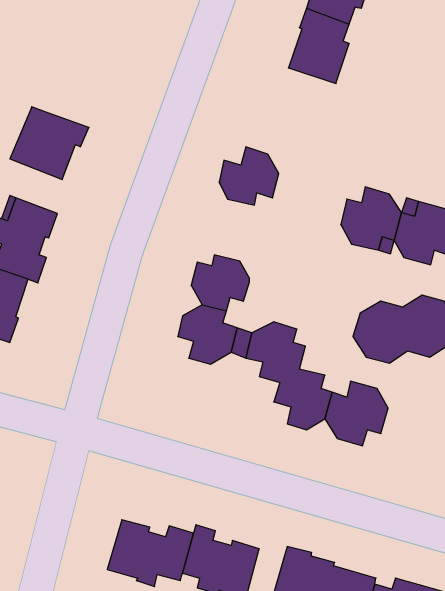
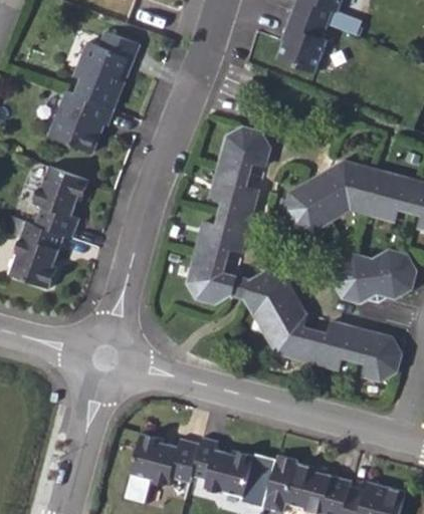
building: none -> [74,32,139,109]
building: none -> [209,169,258,220]
building: none -> [283,185,331,232]
building: none -> [355,331,402,383]

